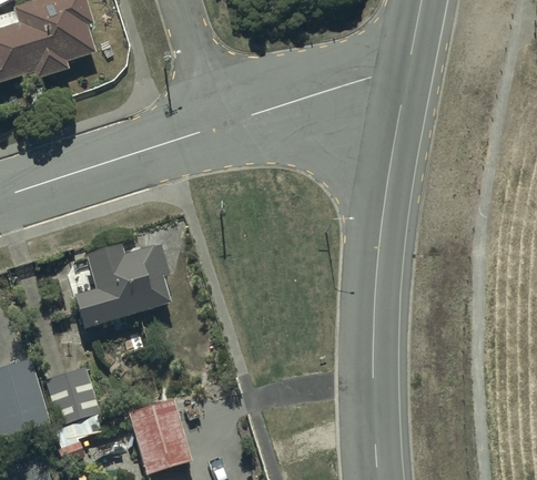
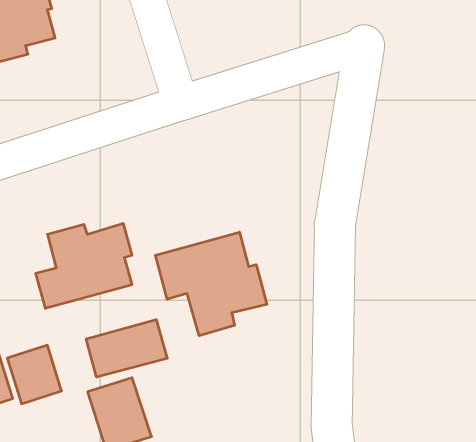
building: none -> [155,232,267,336]
building: none -> [86,320,167,377]

